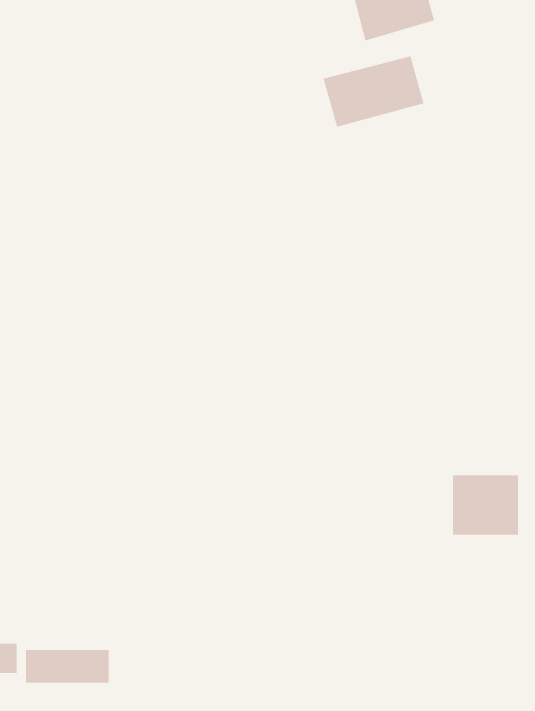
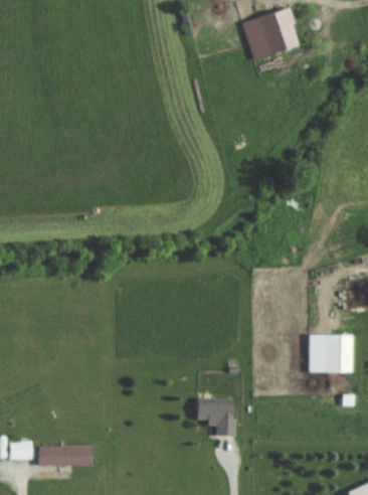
building: [323,55,424,128] -> none
building: none -> [198,398,234,437]

